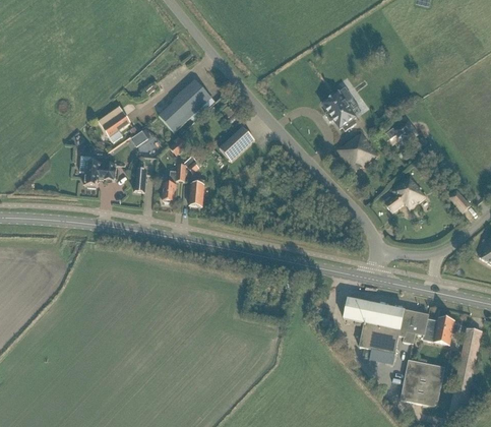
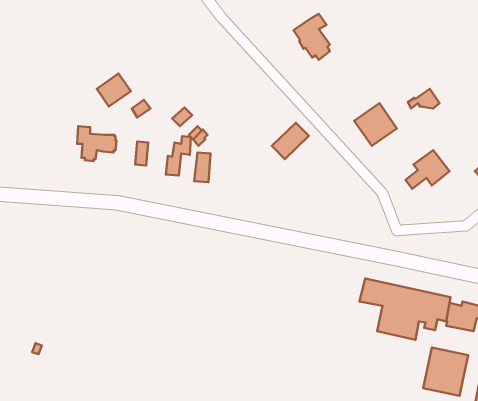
building: [159,78,216,131] -> none
building: [322,87,356,130] -> [294,14,330,60]
building: [220,127,254,161] -> [272,123,309,159]

